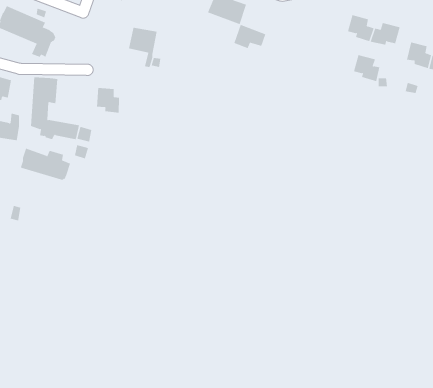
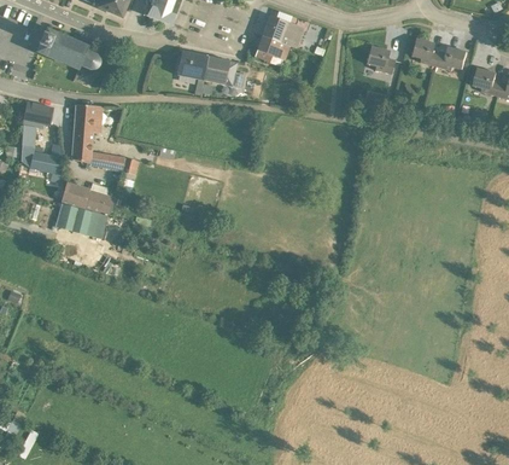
building: [234,24,266,49] -> [253,34,288,60]
building: none -> [203,54,244,86]
building: [353,55,380,82] -> [365,43,394,72]
building: [97,87,119,114] -> none
building: none -> [54,200,106,237]

